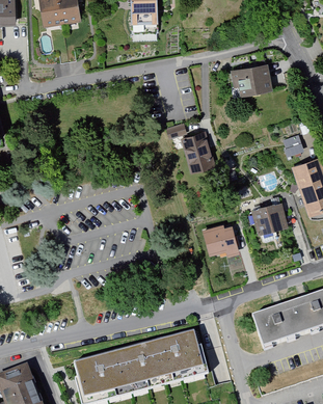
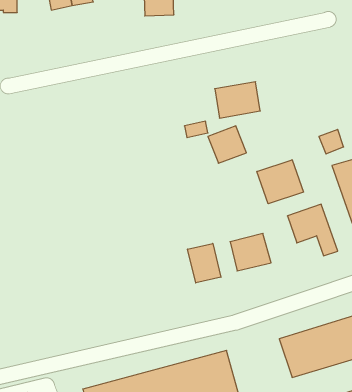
building: [236,61,276,93] -> [215,82,260,118]
building: none -> [257,160,303,204]
building: none -> [188,243,221,283]

